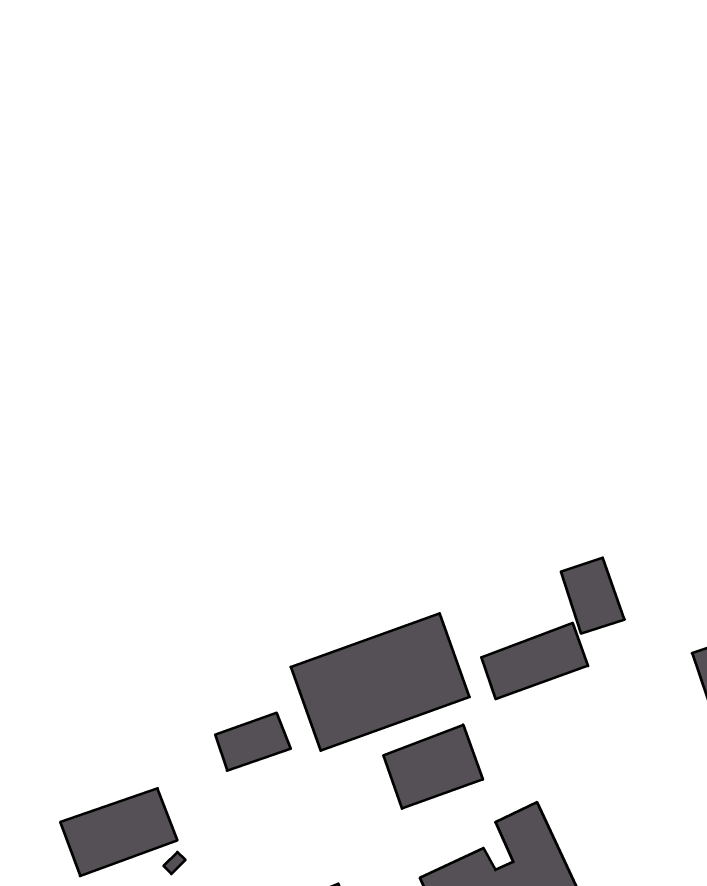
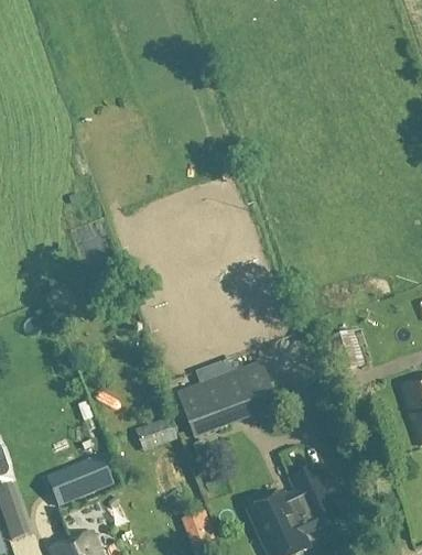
building: [481,623,588,699] -> none
building: [384,725,483,809] -> none

